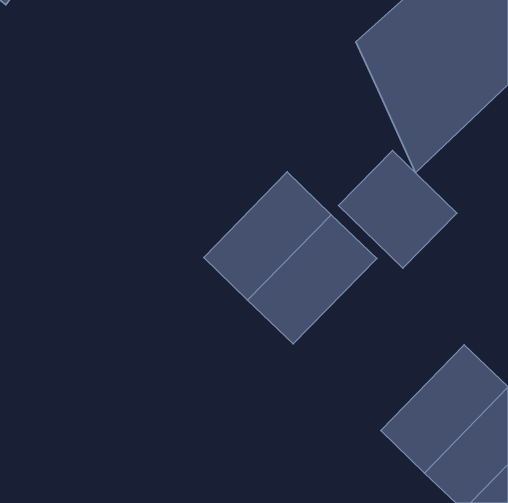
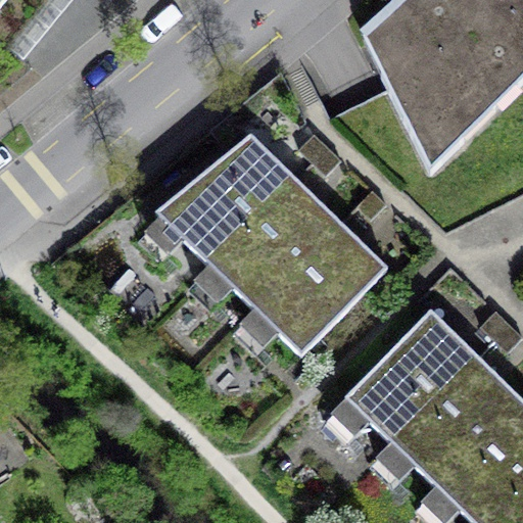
building: none -> [156,133,295,265]
building: [339,150,457,268] -> none
building: none -> [344,310,477,442]

